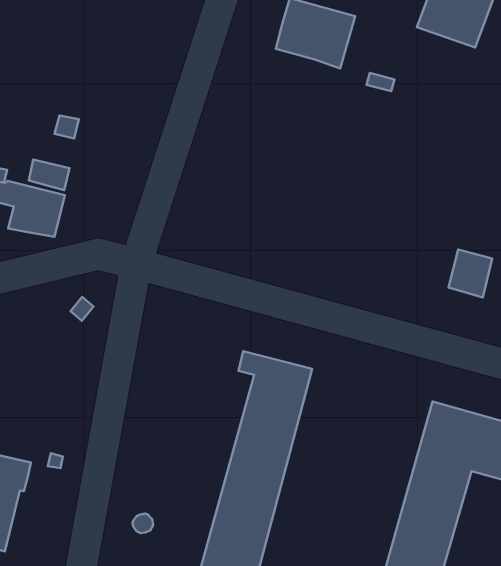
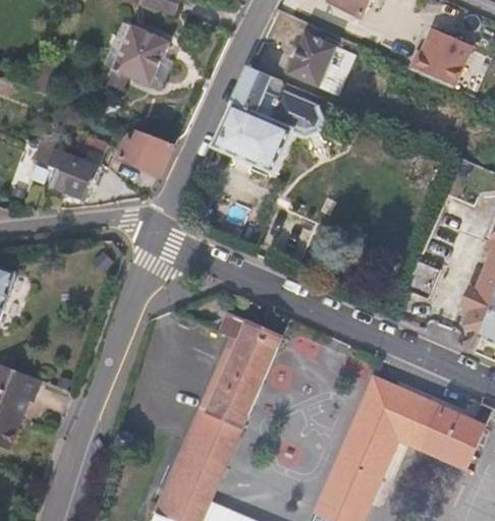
building: none -> [103,21,171,95]
building: none -> [212,65,323,173]
building: none -> [119,127,174,175]

